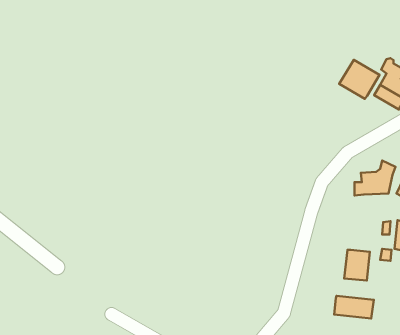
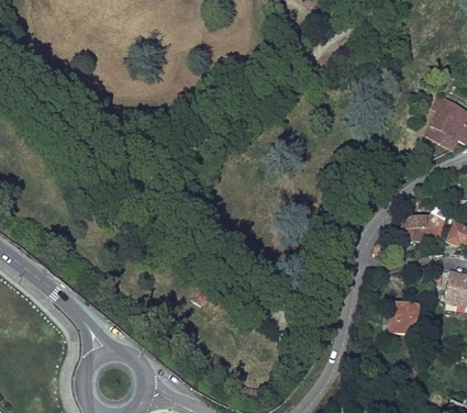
building: [339,60,379,99] -> none
building: [334,296,374,318] -> none

